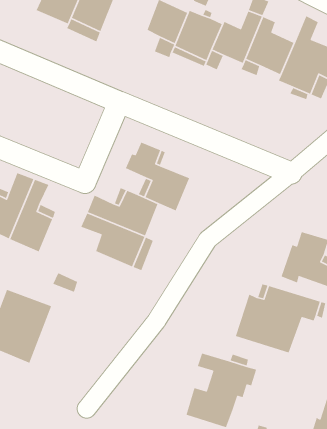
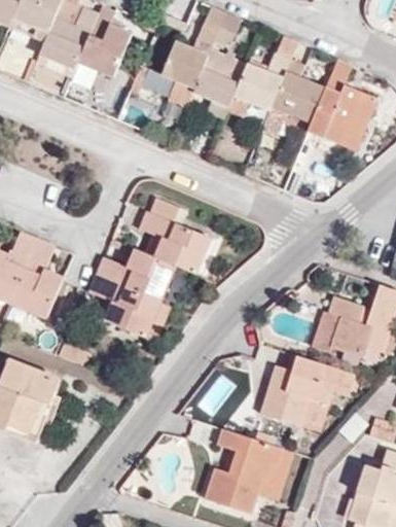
building: none -> [258,448,294,500]

